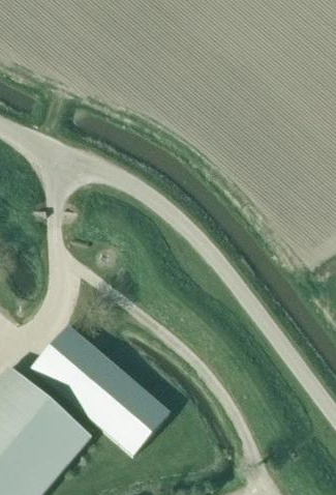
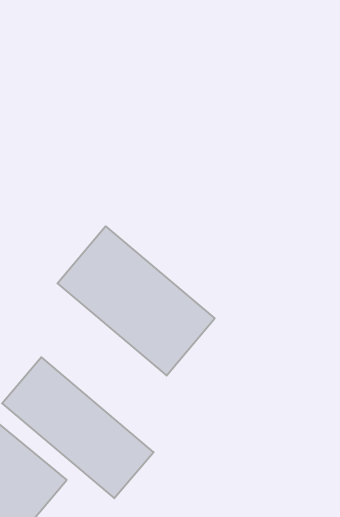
building: none -> [57,226,215,376]

